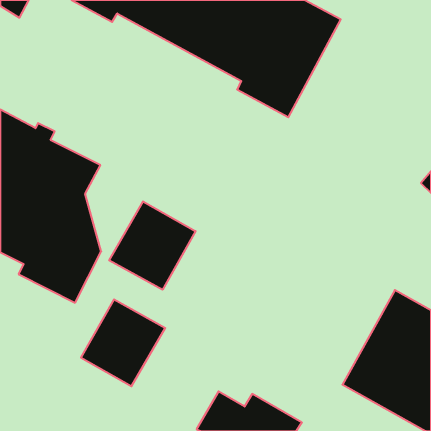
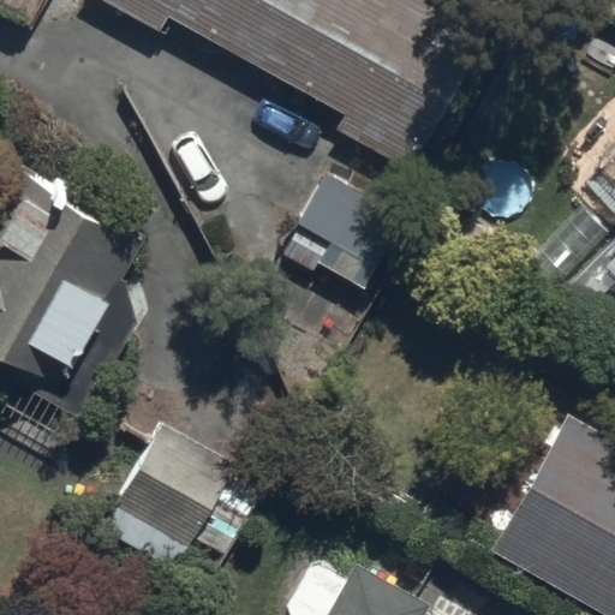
building: none -> [277,172,401,286]
building: [109,201,196,290] -> none

